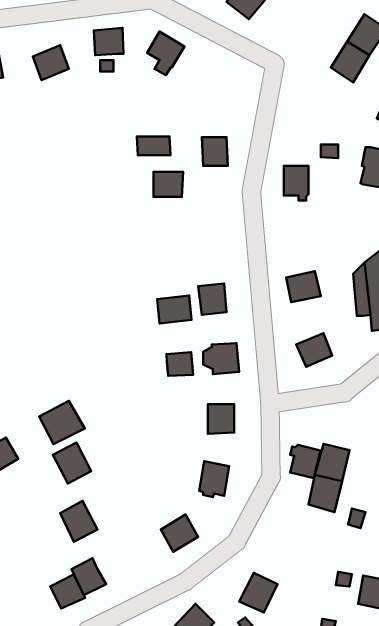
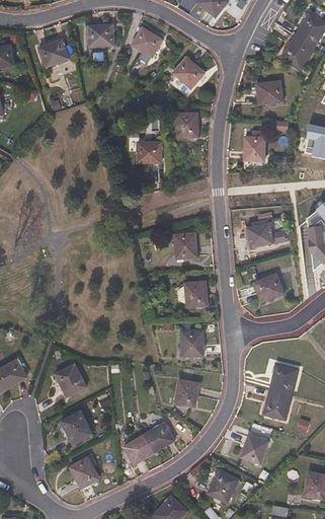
building: none -> [173,58,204,89]
building: none -> [256,81,285,104]
building: [137,136,170,155] -> none
building: [157,295,191,323] -> none
building: [166,352,193,376] -> none
building: [39,401,85,444] -> none
building: [290,445,321,478] -> none
building: none -> [123,434,153,464]
building: none -> [240,435,267,463]
building: [50,575,85,609] -> none

